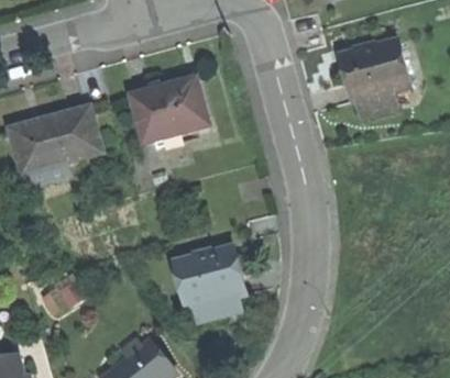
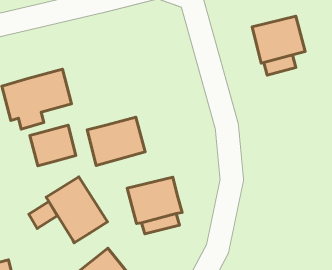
building: [131,78,207,141] -> [87,117,145,165]
building: none -> [30,125,76,166]
building: none -> [46,177,107,243]

